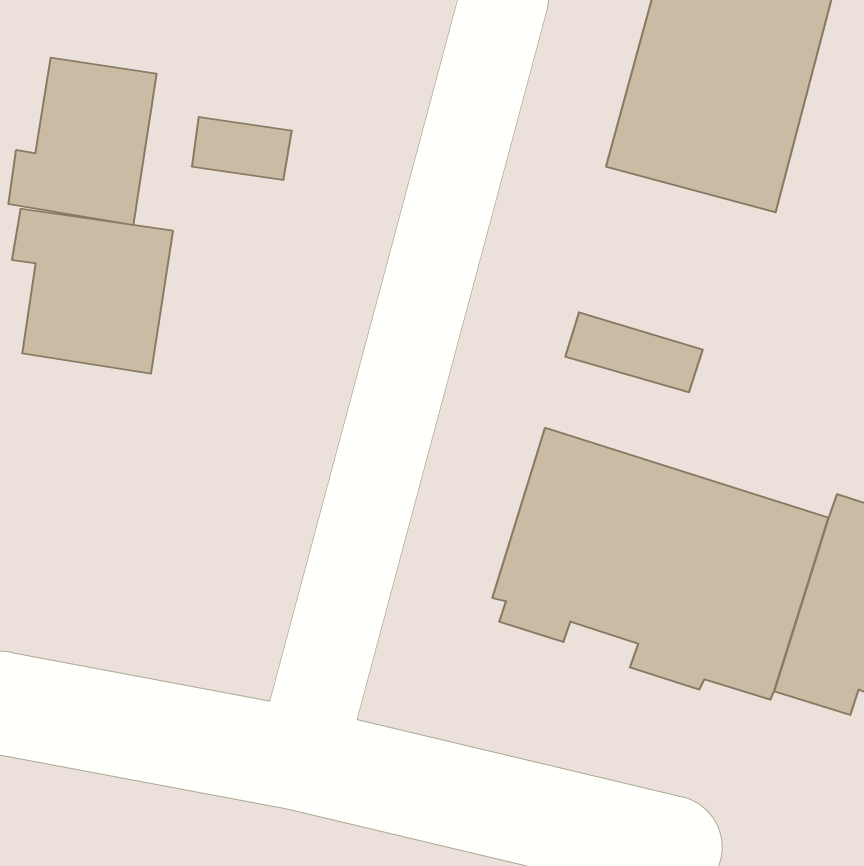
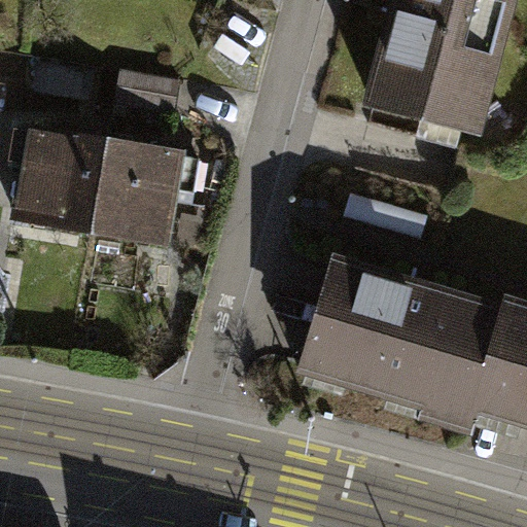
building: [8,58,157,225] -> none
building: none -> [94,140,197,238]

